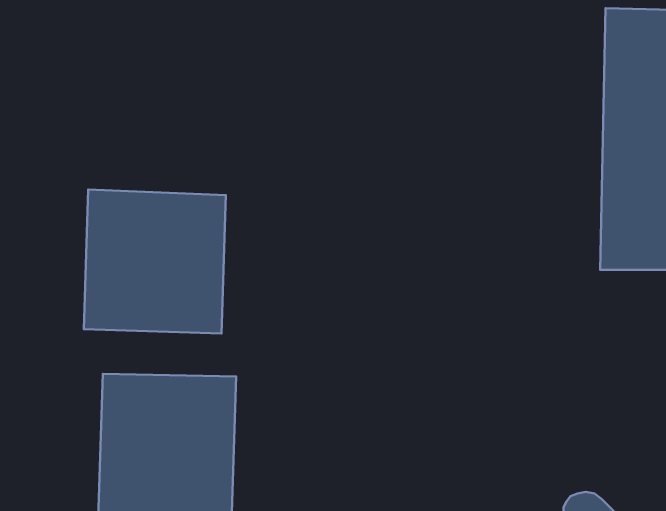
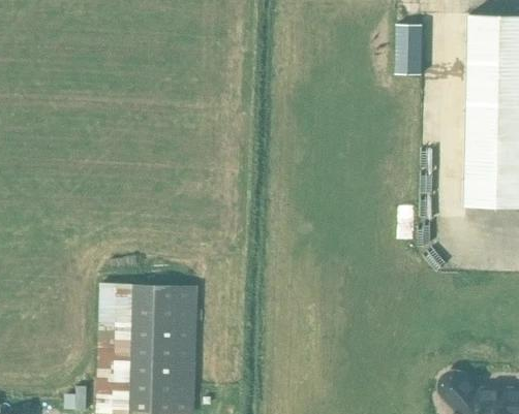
building: none -> [394,24,422,75]
building: [84,190,226,334] -> none

